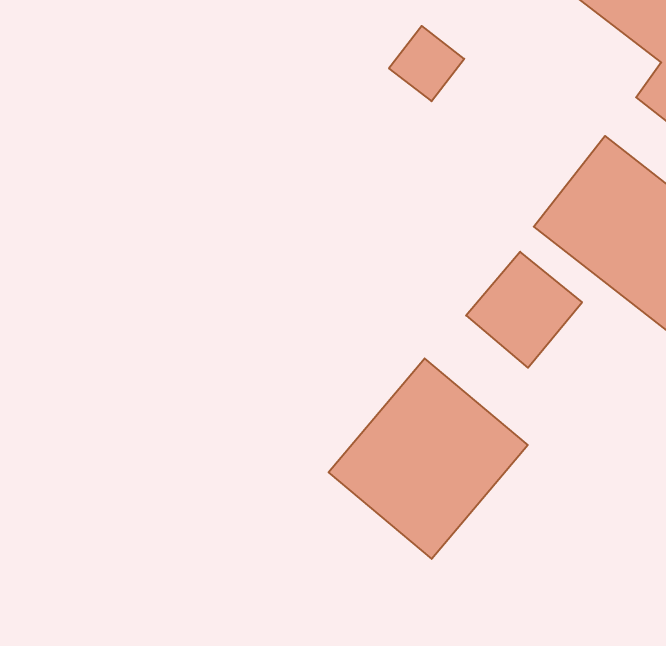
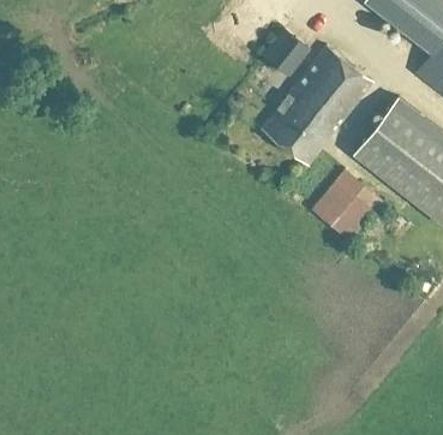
building: none -> [259,46,371,166]
building: [329,358,528,559] -> none

